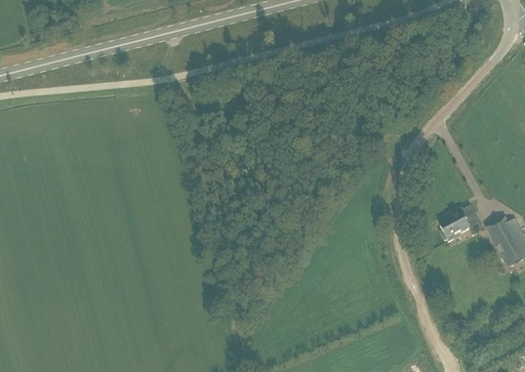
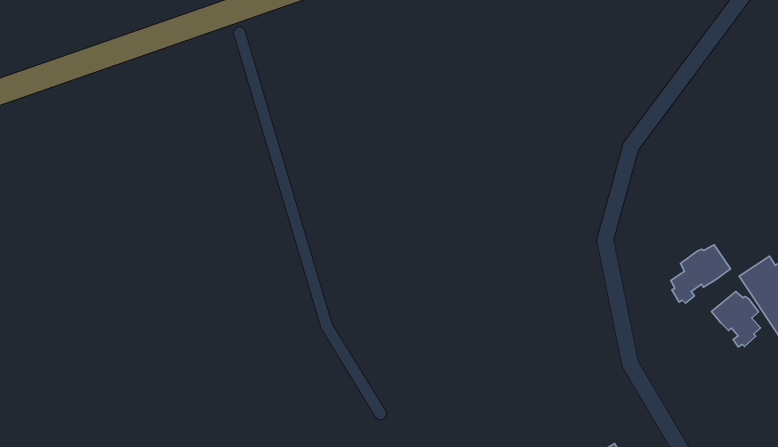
building: none -> [712,292,760,347]

